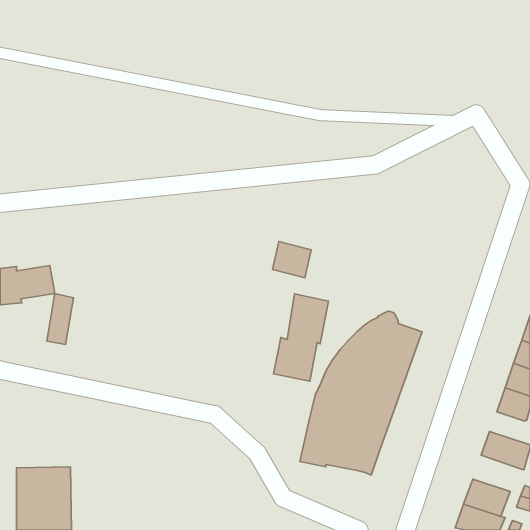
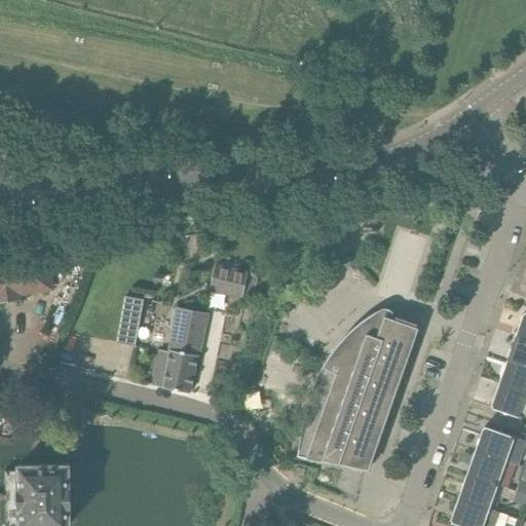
building: [273,242,311,278] -> [210,264,248,300]
building: [47,294,74,344] -> [116,297,143,347]
building: [274,294,329,381] -> [154,307,209,393]
building: none -> [468,451,516,488]

